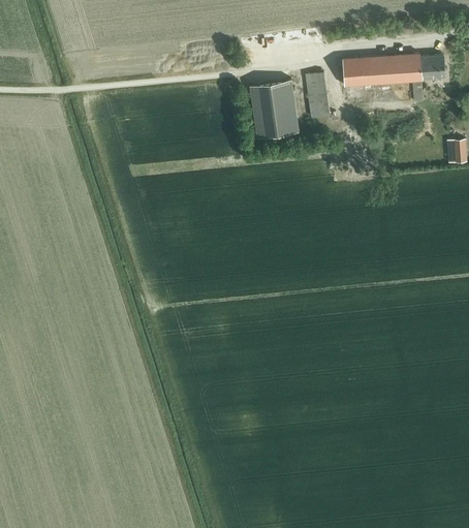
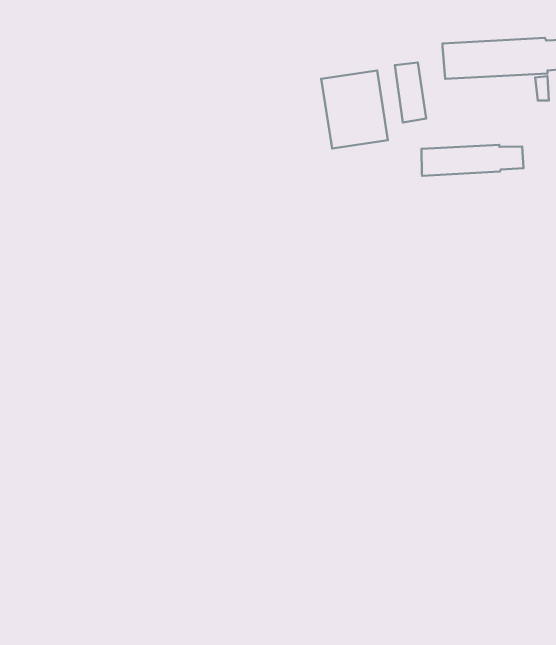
building: none -> [421,145,524,176]

